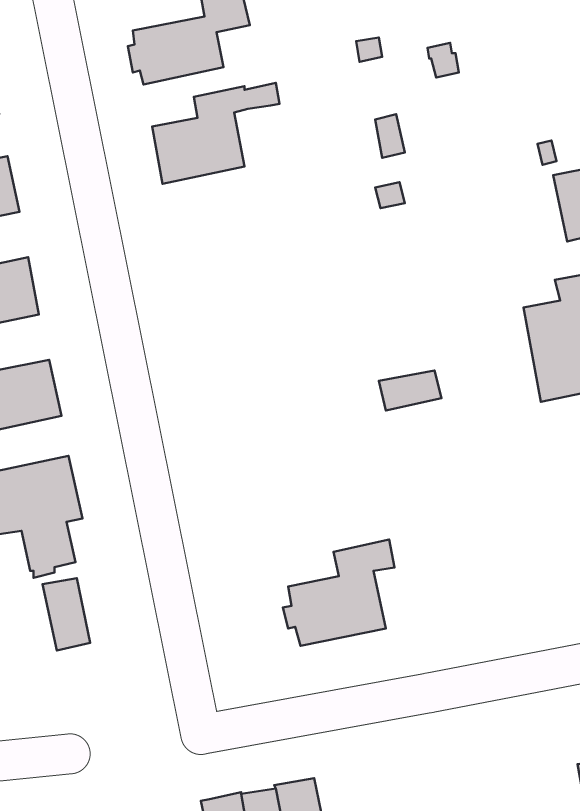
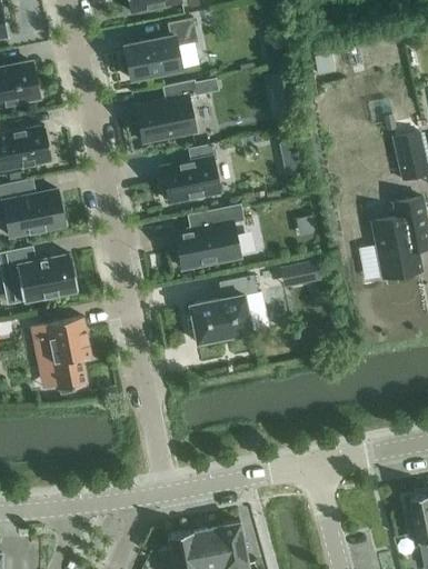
building: none -> [162,144,220,203]
building: none -> [176,206,243,270]
building: [283,540,395,646] -> [187,276,258,343]
building: [43,578,90,650] -> none

